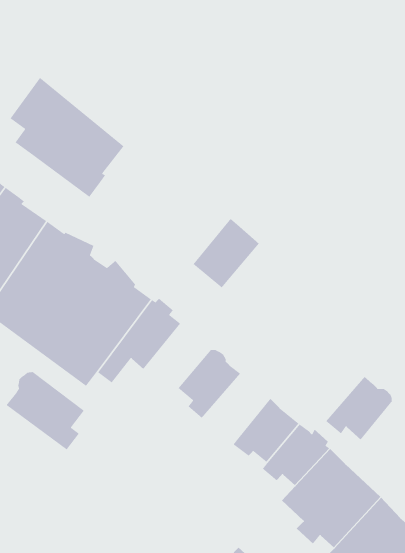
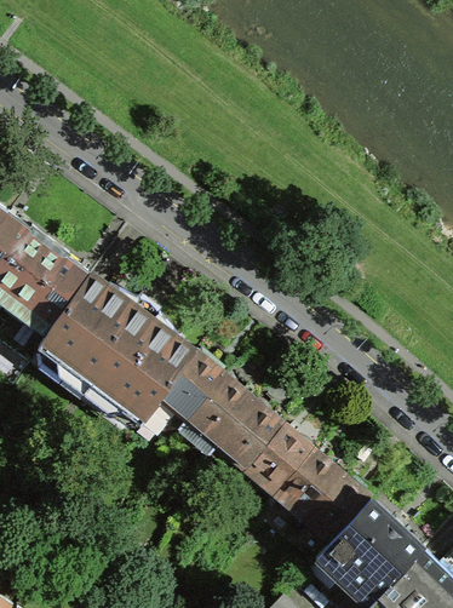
building: [9,77,124,198] -> none
building: [193,218,260,289] -> [188,375,254,446]
building: [5,371,85,451] -> none
building: [325,376,394,441] -> [246,425,314,489]

